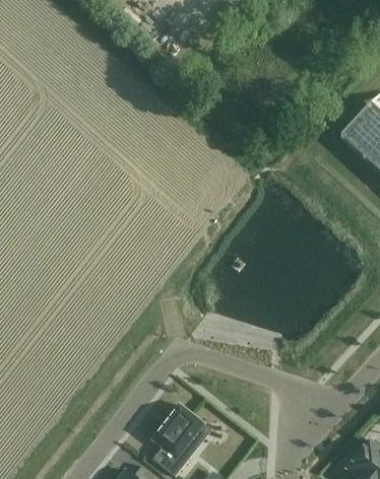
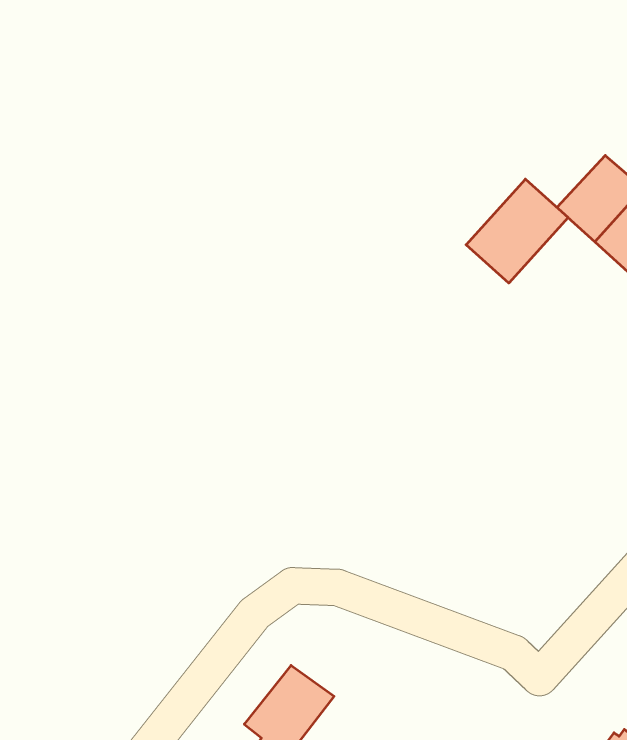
building: none -> [466,179,568,283]

